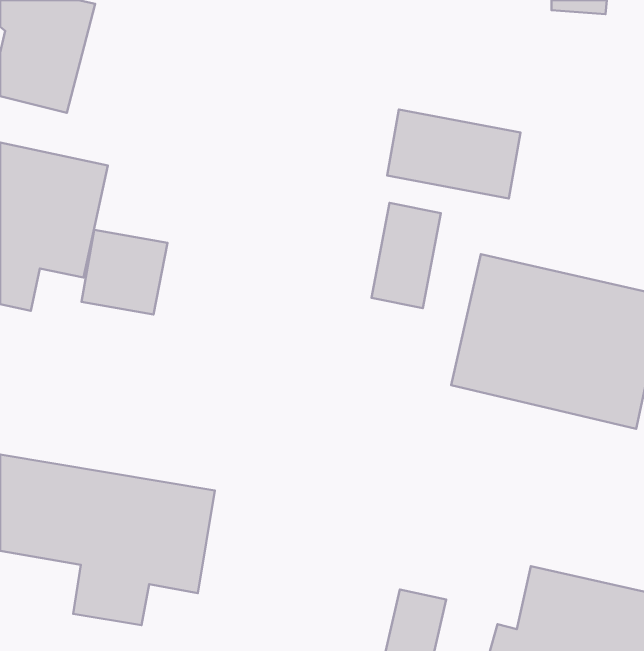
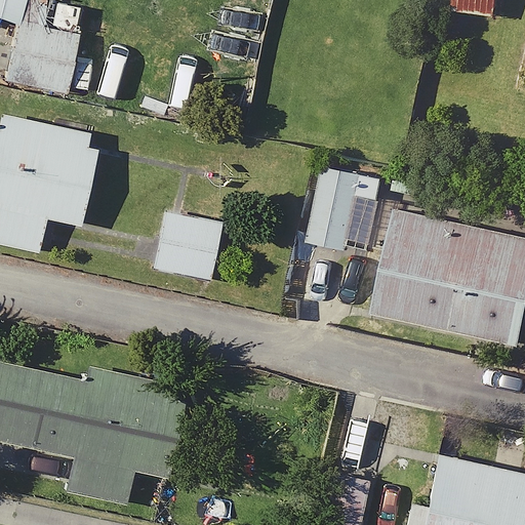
building: [387,110,521,199] -> none
building: [81,230,167,315] -> [151,212,219,280]

